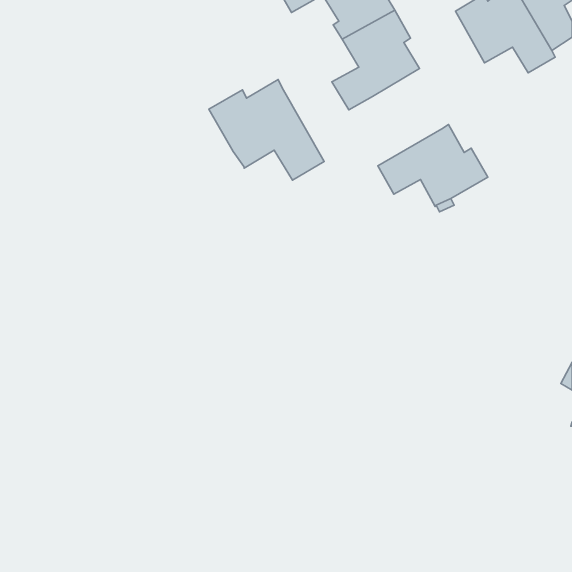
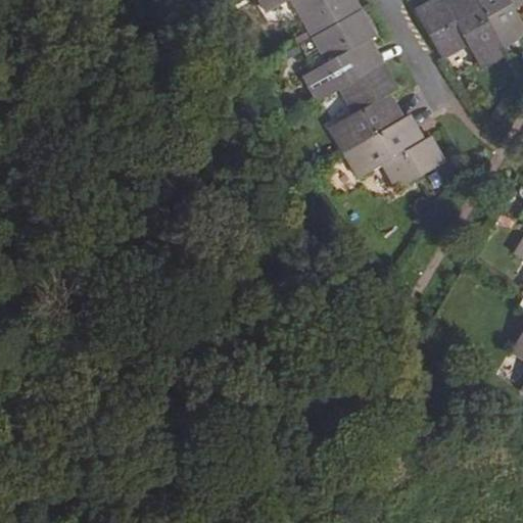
building: none -> [330,62,402,151]
building: [209,79,324,180] -> none

